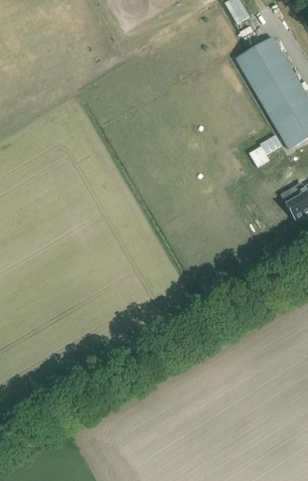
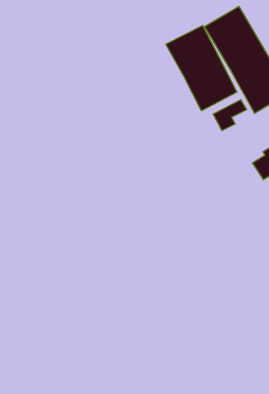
building: none -> [166,25,237,111]

